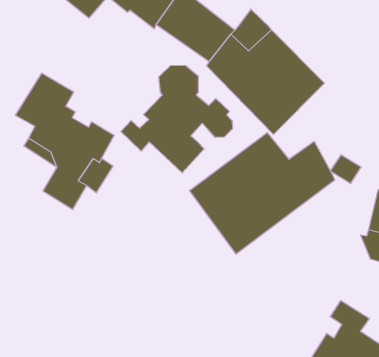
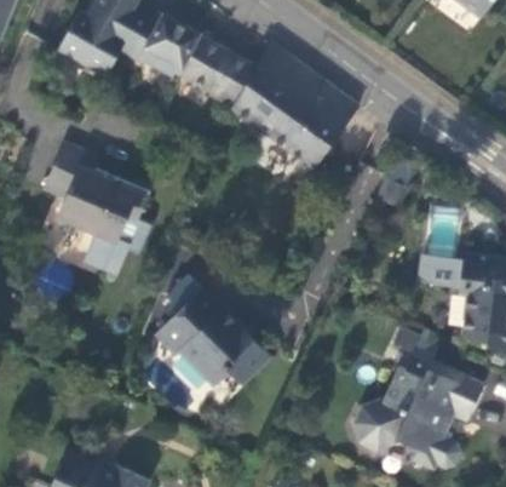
building: [121,65,233,173] -> none
building: [190,133,335,254] -> none
building: none -> [155,288,270,388]

